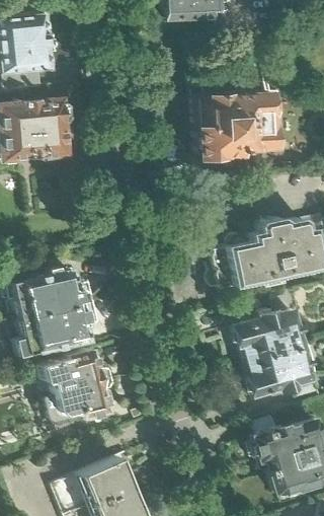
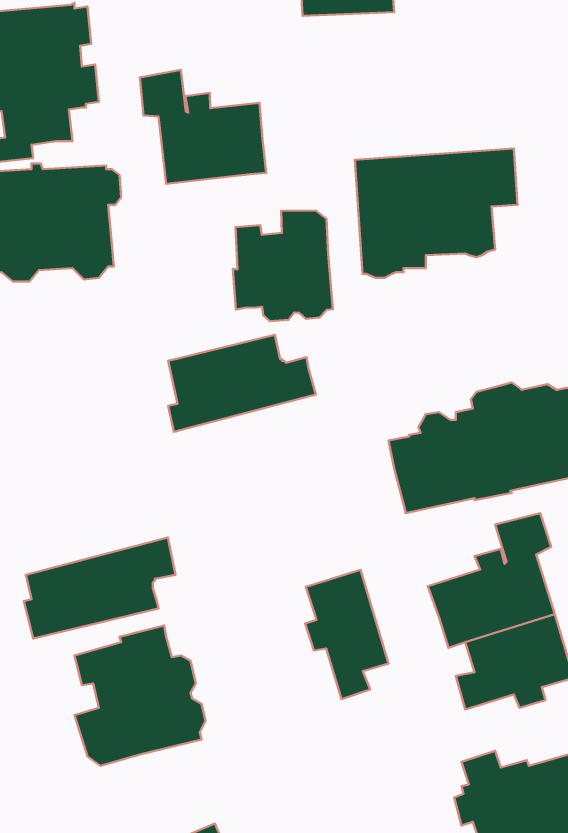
building: none -> [140,70,266,184]
building: none -> [233,210,333,321]
building: [15,270,95,322] -> [168,335,316,432]
building: none -> [305,570,389,699]

